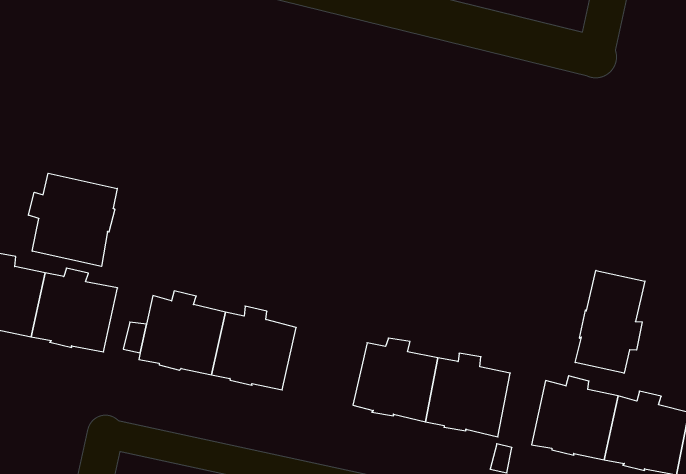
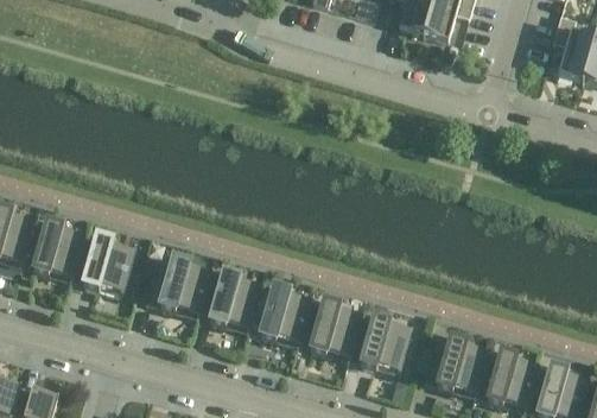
building: [28,173,117,266] -> none
building: [575,270,645,373] -> none
building: none -> [248,284,311,344]

